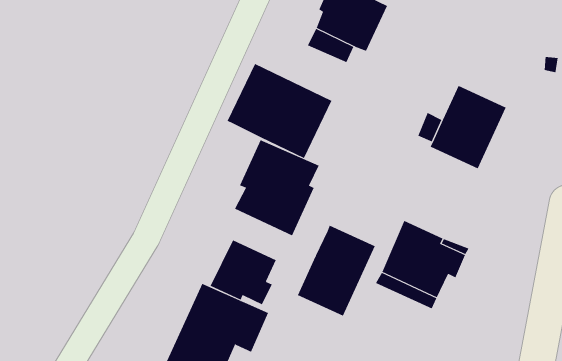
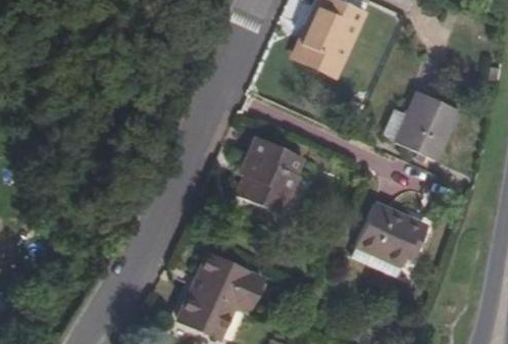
building: [227,63,332,159] -> none
building: [297,225,376,317] -> none
building: [210,240,276,305] -> none

